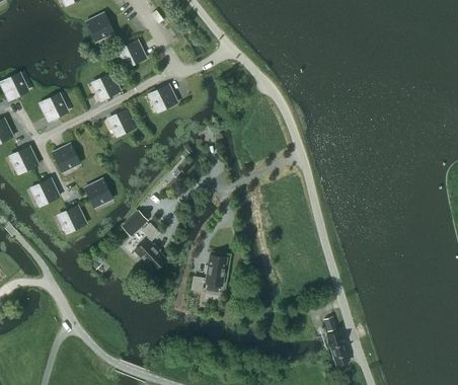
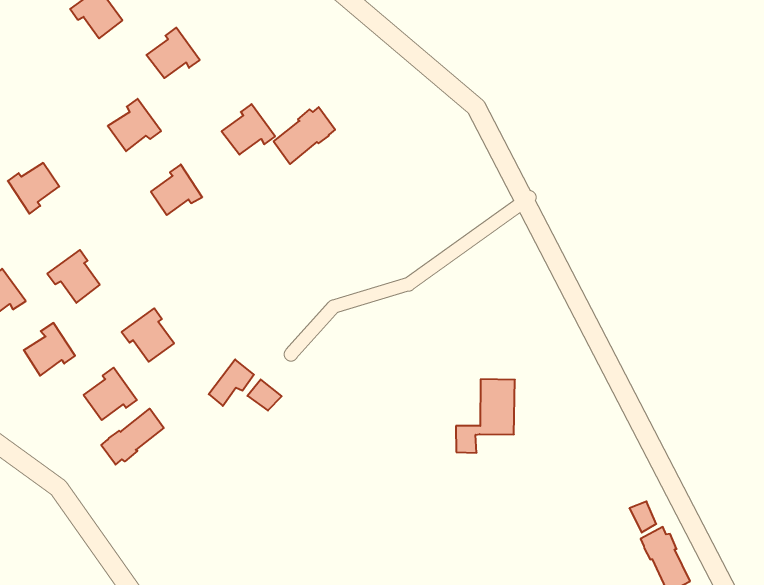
building: none -> [274,107,335,164]
building: none -> [101,409,164,465]
building: [134,238,166,271] -> none
building: [192,254,227,291] -> [456,379,515,453]

